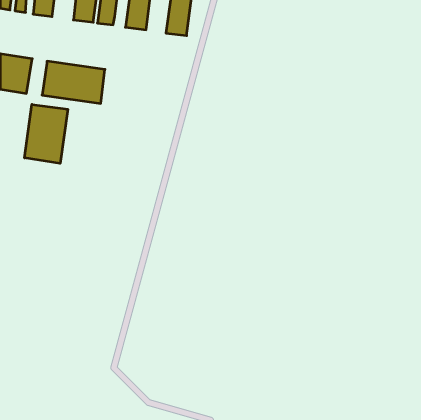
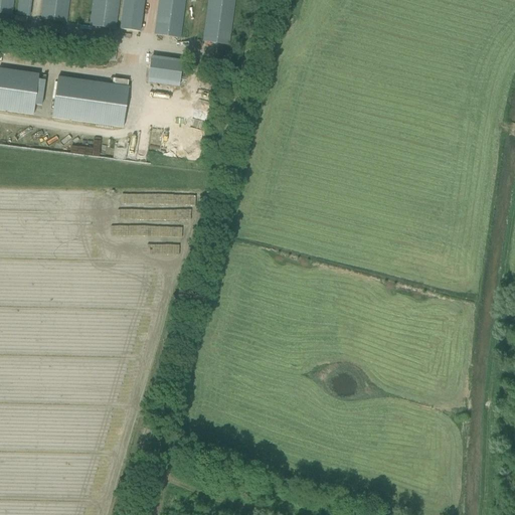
building: none -> [149,54,182,84]
building: [25,104,68,163] -> none

